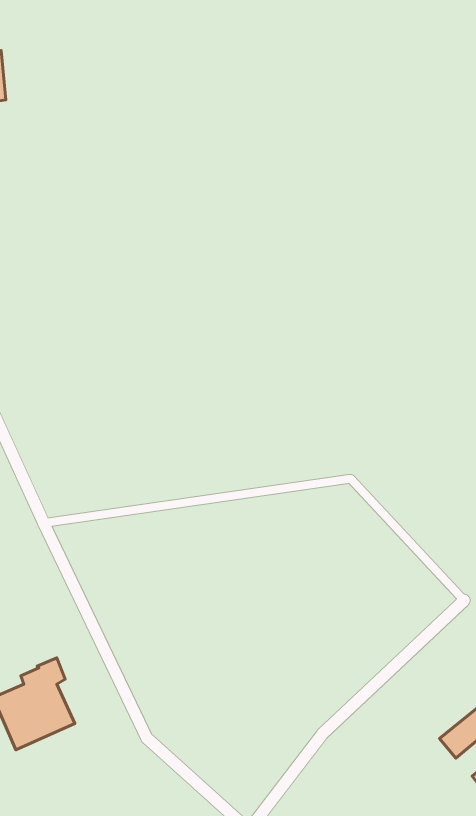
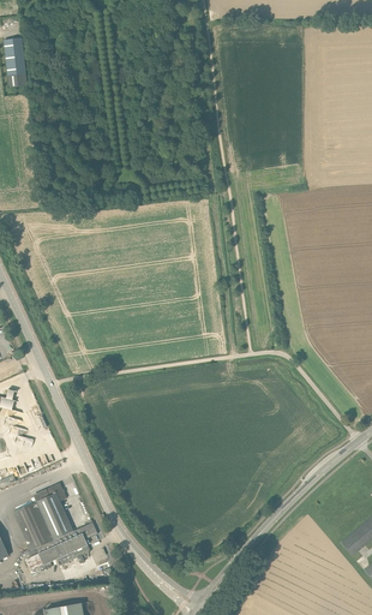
building: none -> [26,521,98,569]

